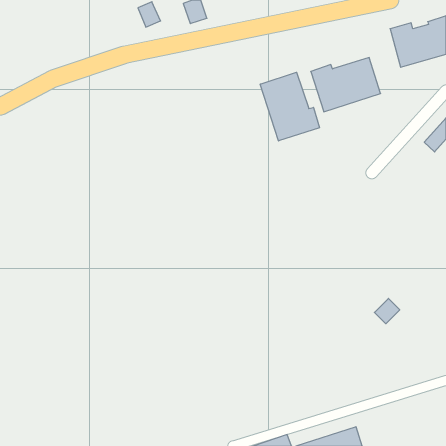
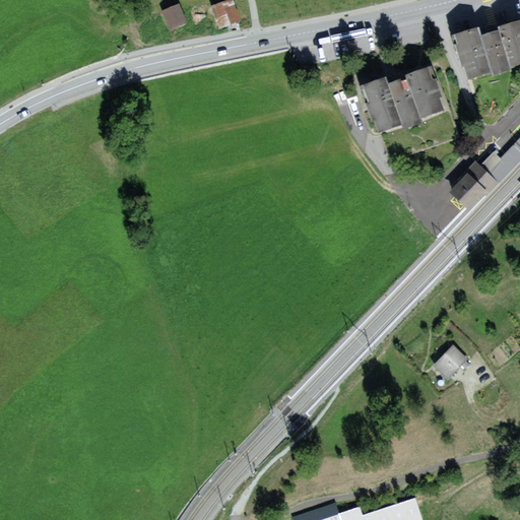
building: [260,72,320,141] -> none
building: none -> [449,162,495,209]

